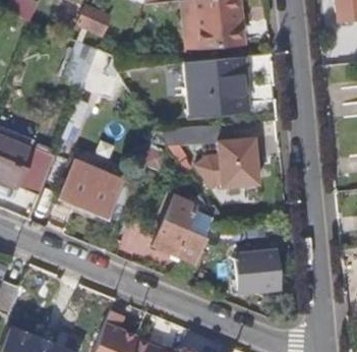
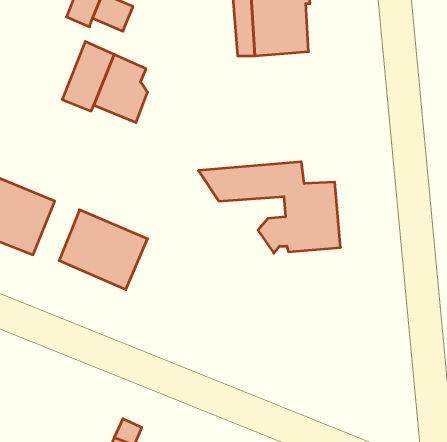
building: [185,61,246,120] -> none
building: [153,195,206,266] -> none
building: [236,252,277,287] -> none

